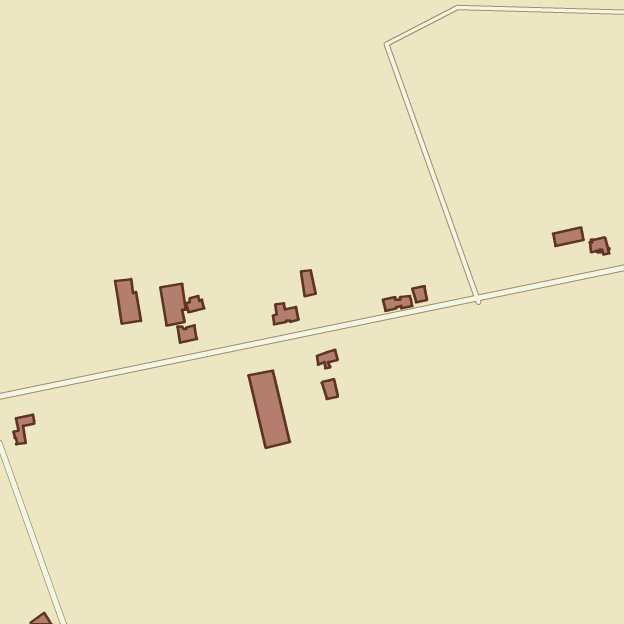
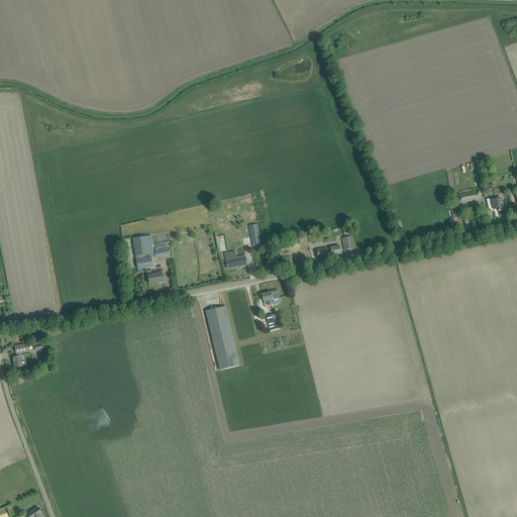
building: [115,279,141,324] -> none

